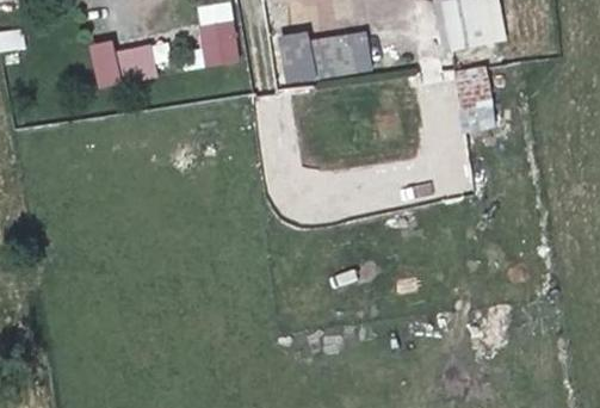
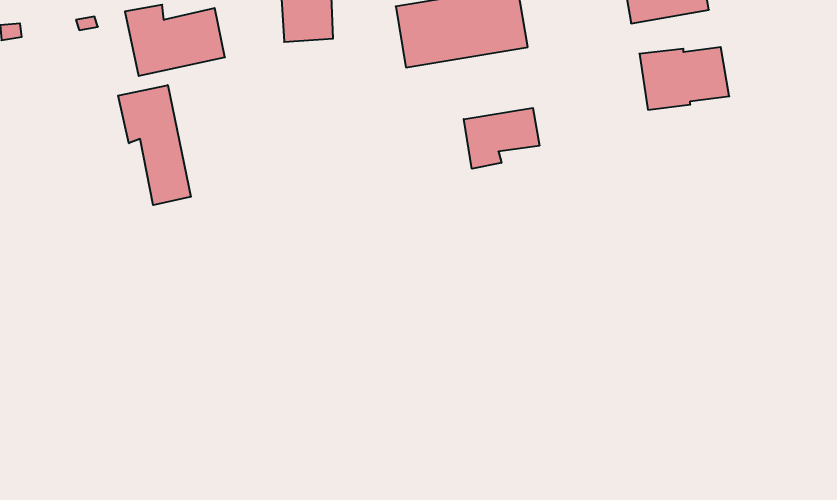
building: none -> [118,85,191,205]
building: none -> [464,108,539,169]

